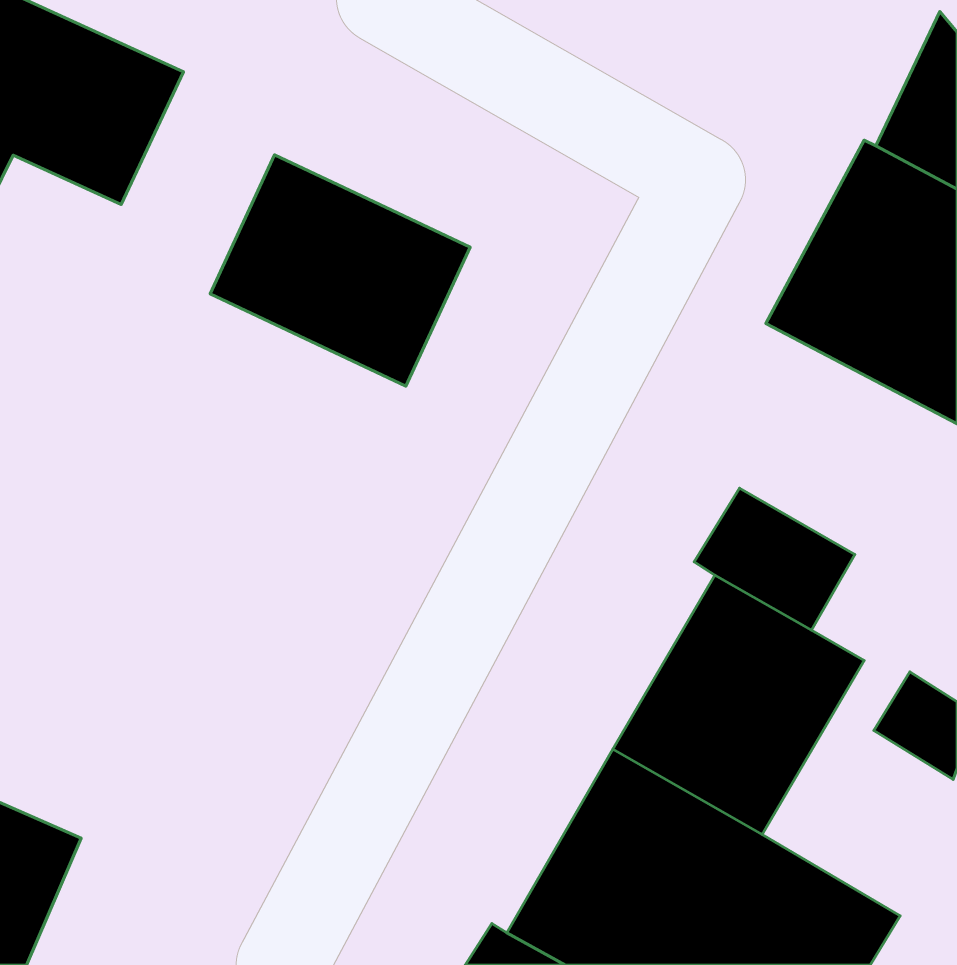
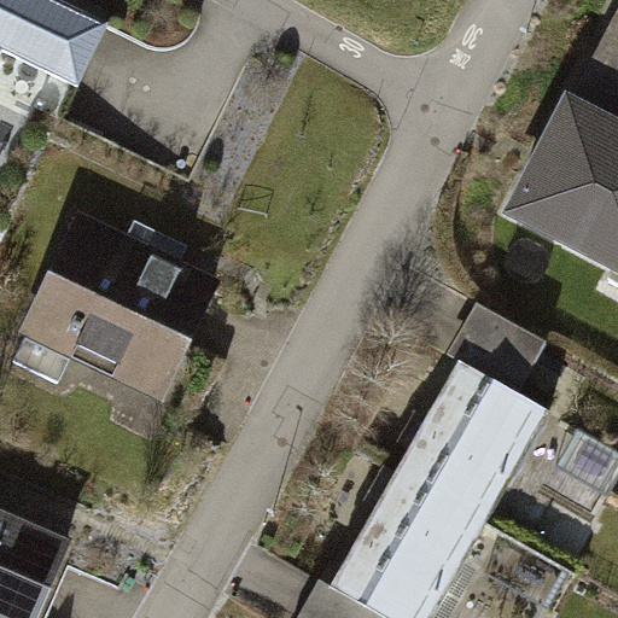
building: [210,155,470,386] -> none
building: none -> [28,234,226,426]

